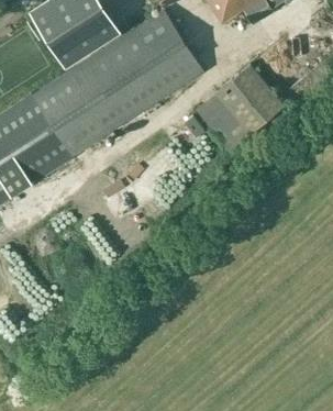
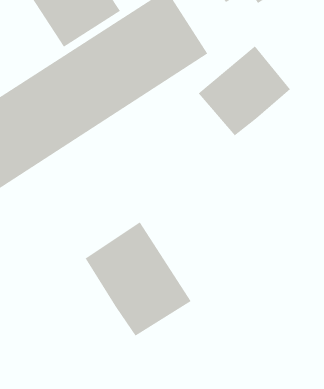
building: none -> [85,221,191,336]

